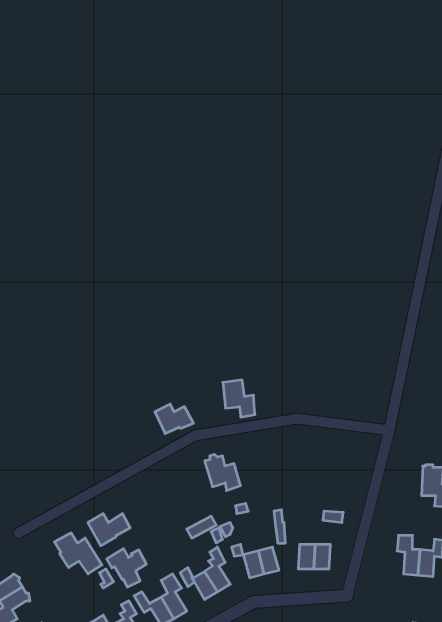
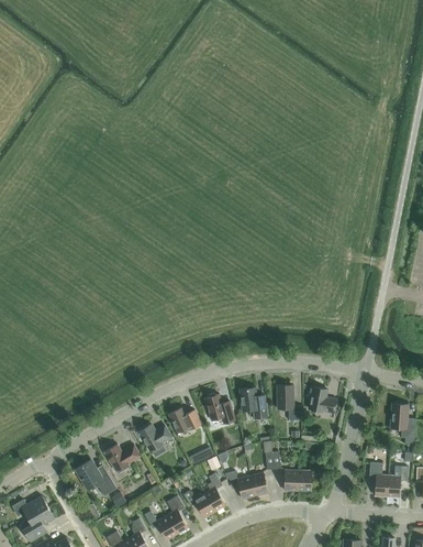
building: [223,380,255,417] -> [240,386,267,418]
building: [155,404,193,434] -> [169,407,202,433]
building: none -> [277,384,302,420]
building: none -> [309,386,337,413]
building: [107,549,146,587] -> [137,424,171,457]

